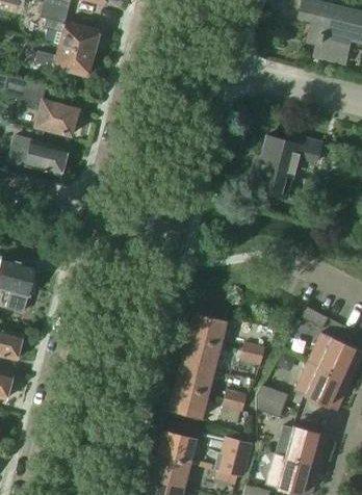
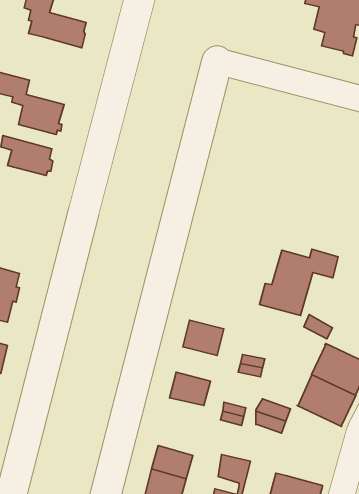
building: [34,46,94,76] -> none
building: [250,134,324,197] -> [260,249,338,316]
building: [182,336,221,368] -> none
building: [170,384,208,416] -> none
building: [285,425,328,466] -> none

